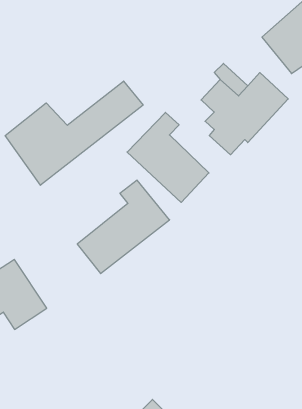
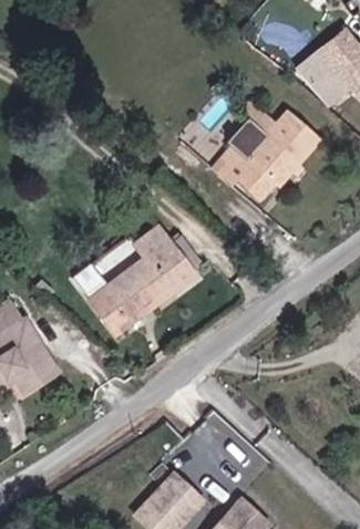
building: [5,81,143,185] -> none
building: [127,112,209,202] -> none

